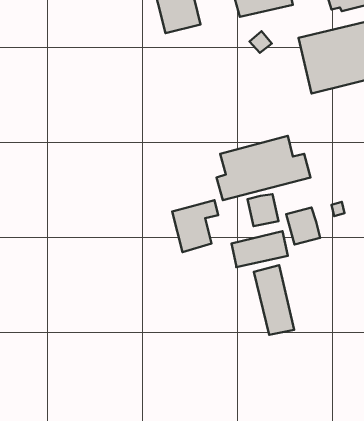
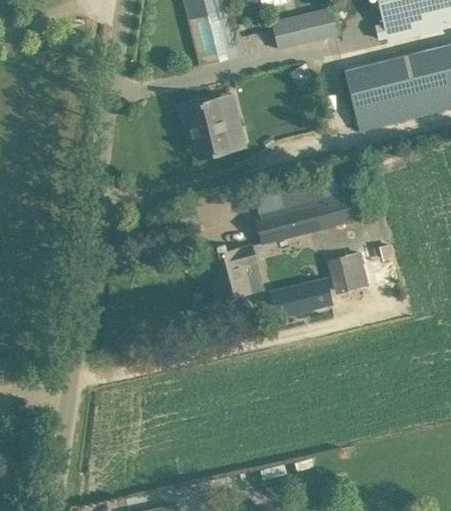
building: none -> [183,94,246,158]
building: [247,194,279,226] -> none
building: [254,265,294,335] -> none

